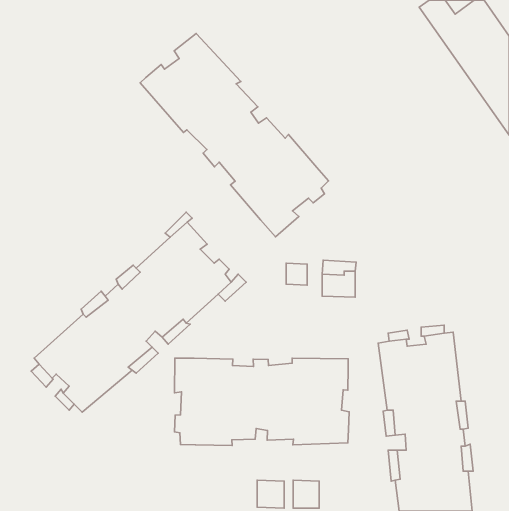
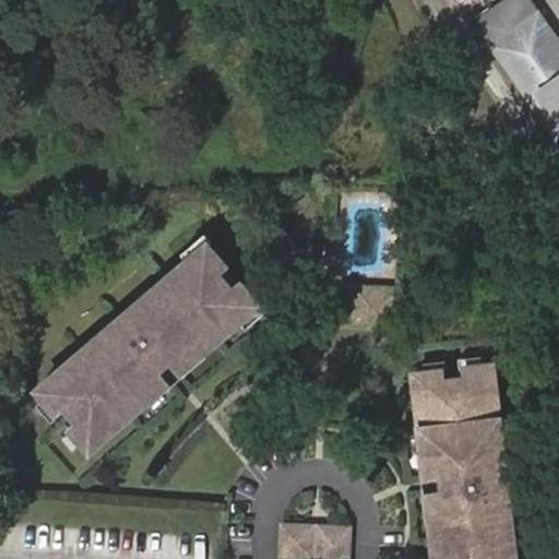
building: [140,34,328,237] -> none
building: [174,358,349,446] -> none

